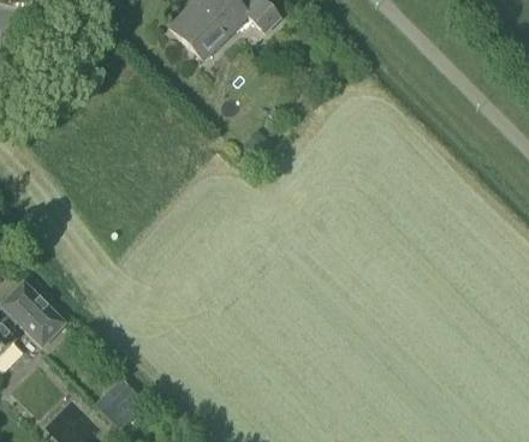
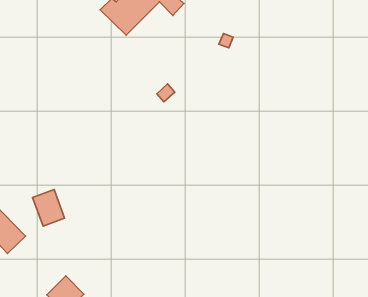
building: none -> [33,190,65,226]

